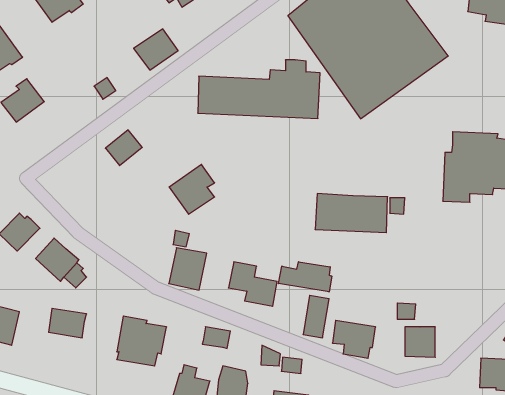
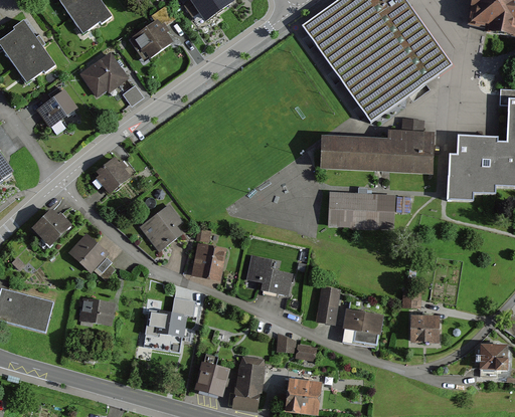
building: [134,29,178,70] -> [131,20,172,58]
building: none -> [80,52,127,96]
building: [198,60,320,118] -> [322,118,436,172]
building: [105,130,142,166] -> [95,158,129,191]
building: [169,164,215,214] -> [141,204,183,250]
building: [278,262,332,292] -> none
building: [202,327,230,348] -> [171,296,197,317]

